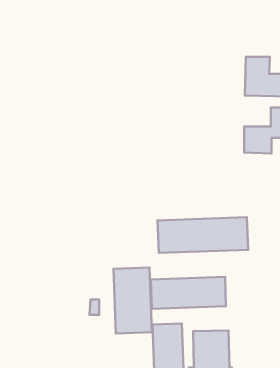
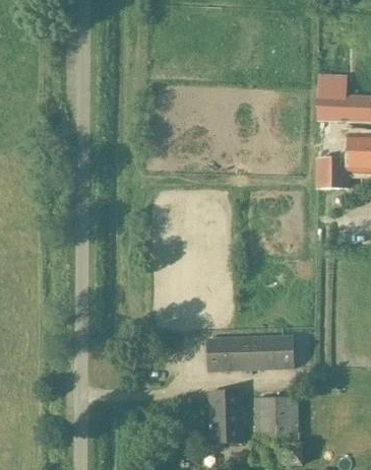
building: [158,217,248,253] -> none
building: [114,267,152,334] -> none

